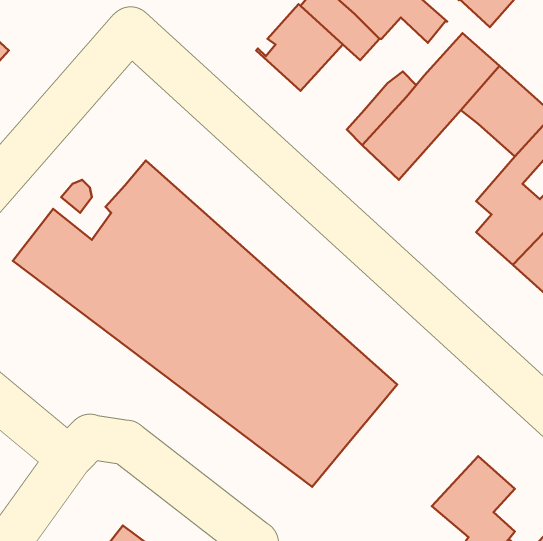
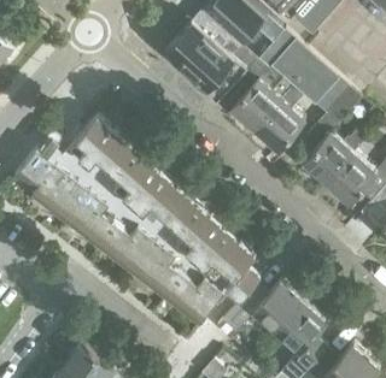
building: none -> [193,45,247,99]
building: none -> [255,85,305,149]
building: none -> [216,270,304,339]

